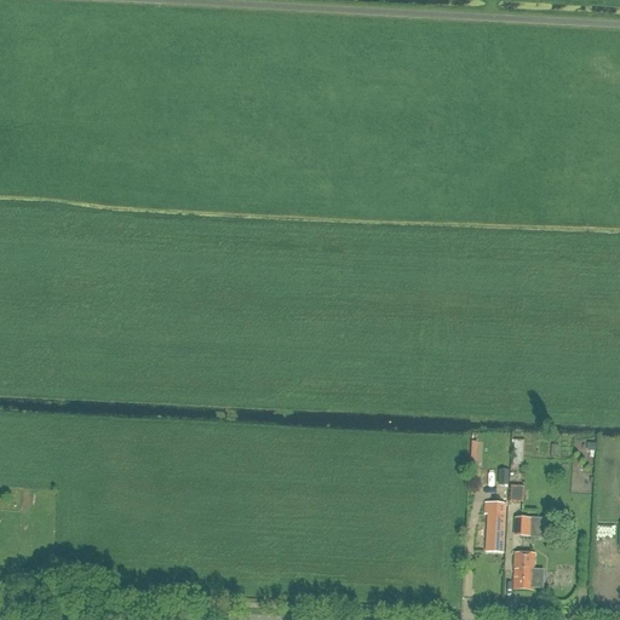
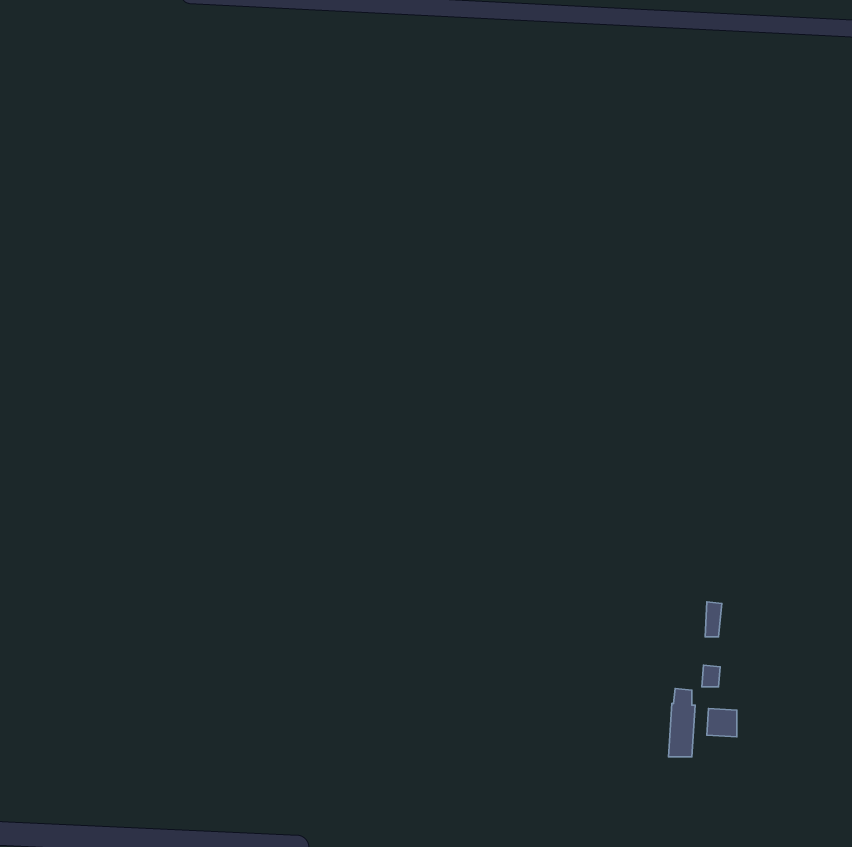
building: [513,551,534,589] -> none

